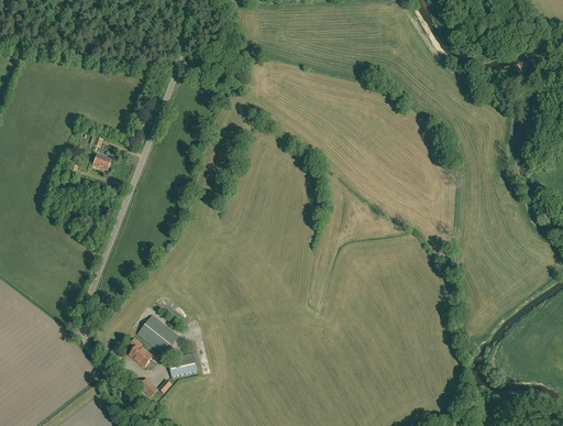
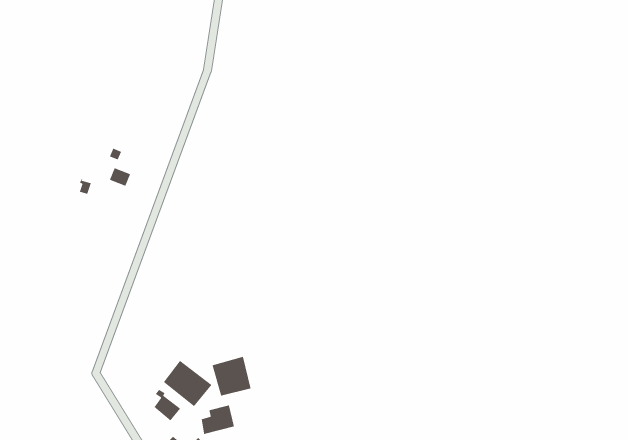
building: none -> [212,356,251,397]

